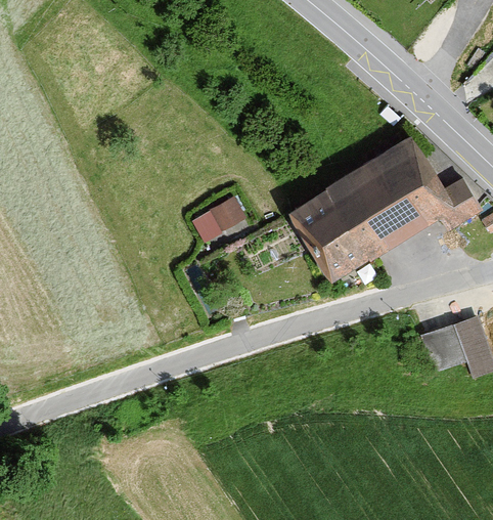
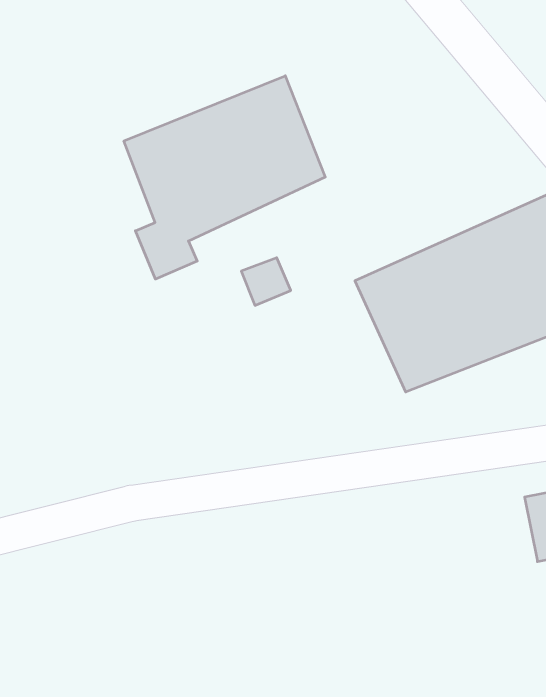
building: none -> [124,76,325,279]

